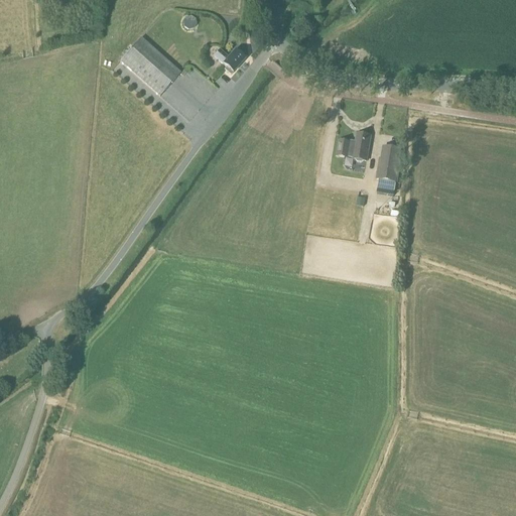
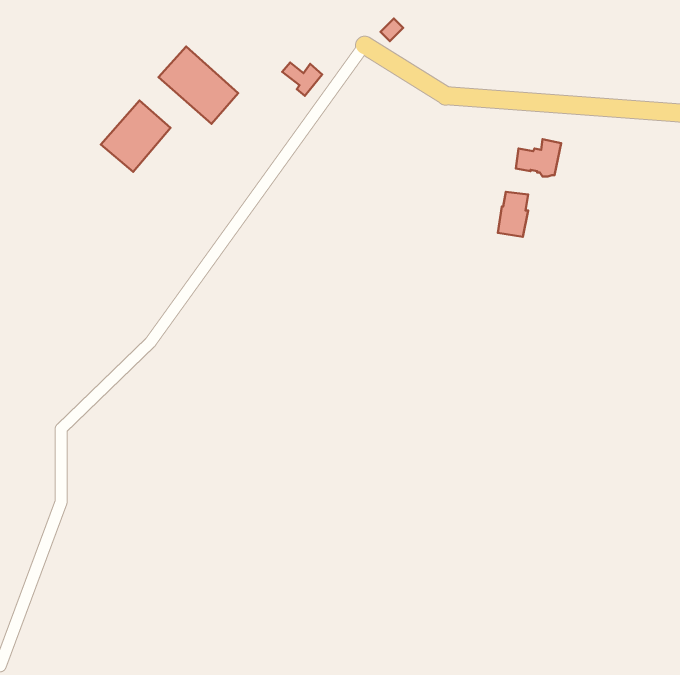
building: none -> [101,100,170,172]
building: [337,131,371,159] -> [516,139,561,176]

